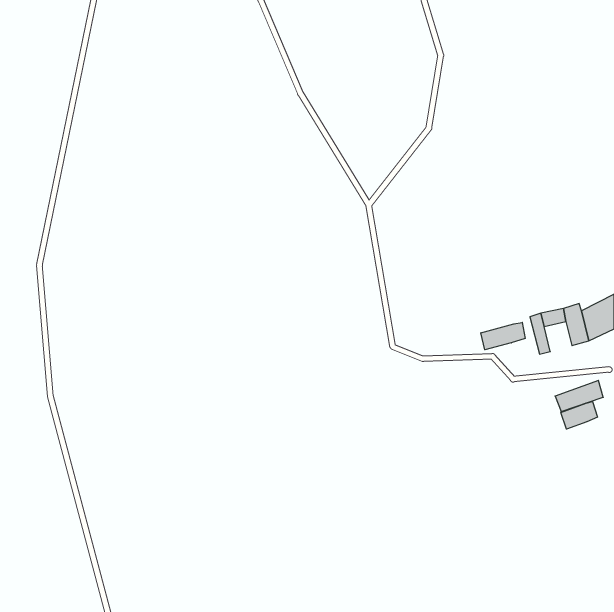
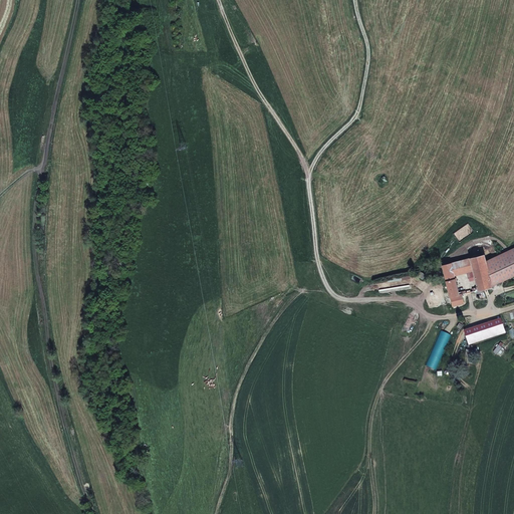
building: [481,322,525,350] -> none
building: [561,401,597,429] -> none

